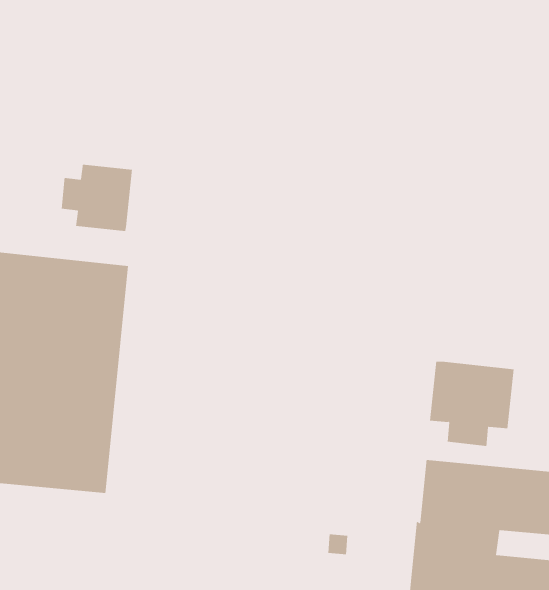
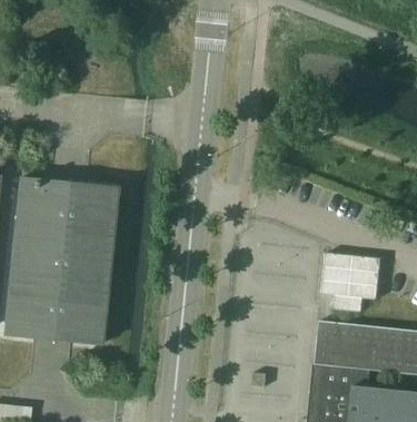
building: [61,164,133,232] -> none

